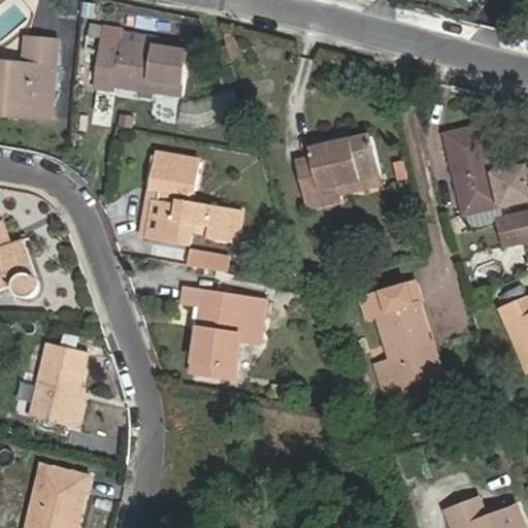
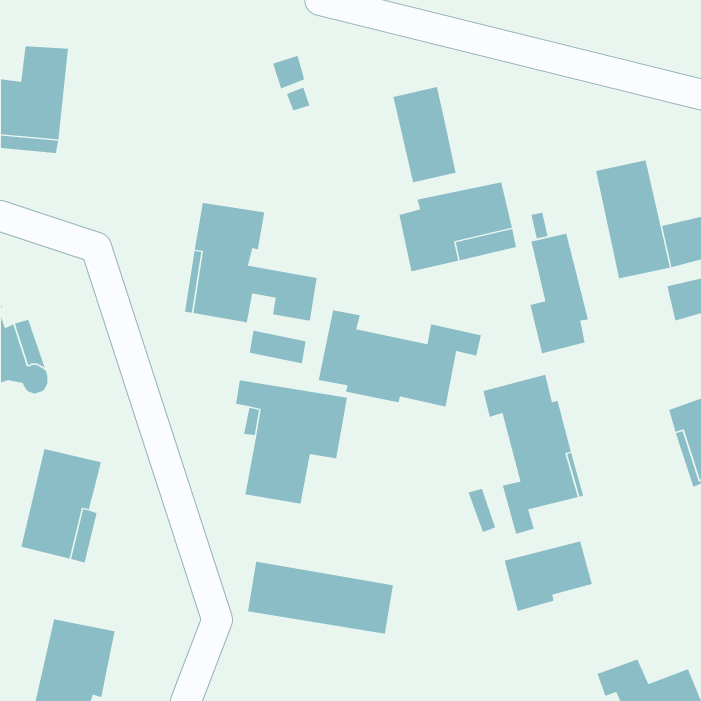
building: [94,36,185,91] -> none
building: none -> [393,86,456,183]
building: none -> [530,233,589,354]
building: none -> [318,309,482,407]
building: none -> [504,540,593,612]
building: none -> [247,561,394,635]

